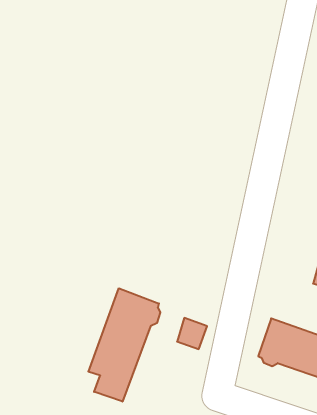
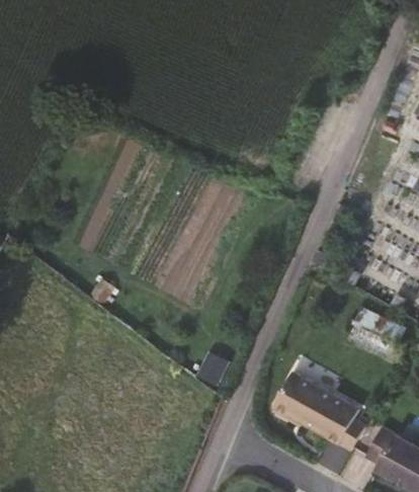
building: [88,288,160,402] -> none

